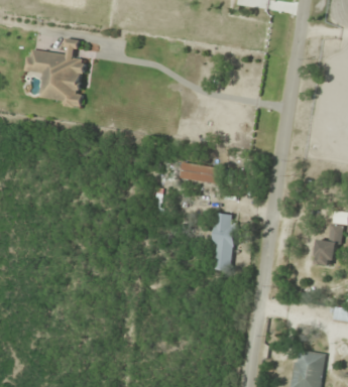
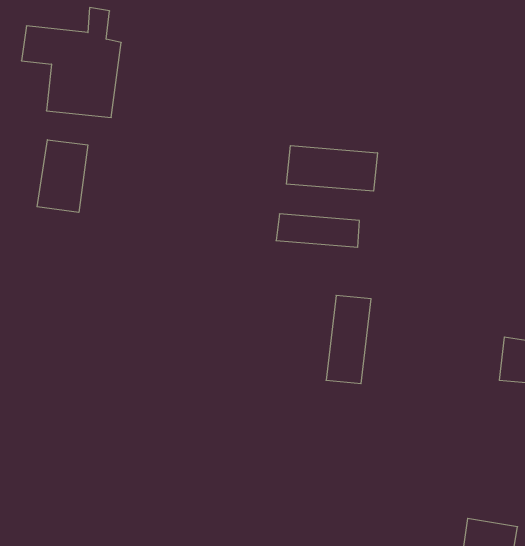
building: none -> [37,140,88,212]
building: none -> [286,146,377,191]

